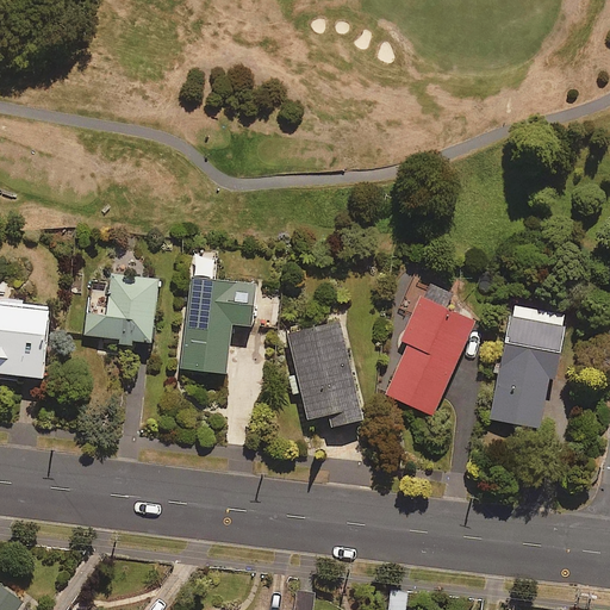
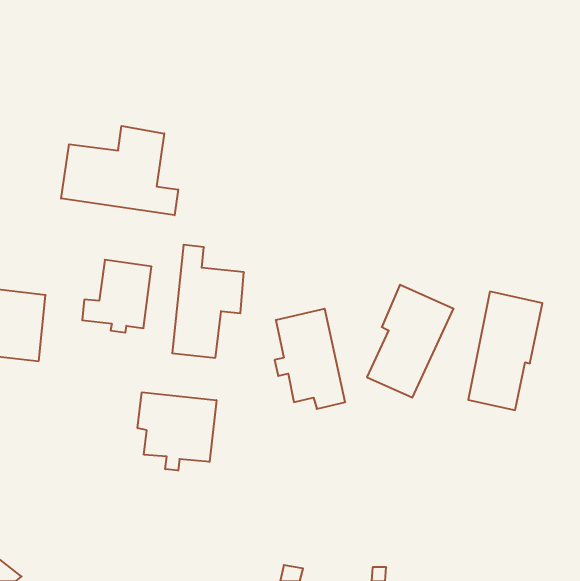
building: none -> [61,126,178,215]
building: none -> [138,392,216,471]

